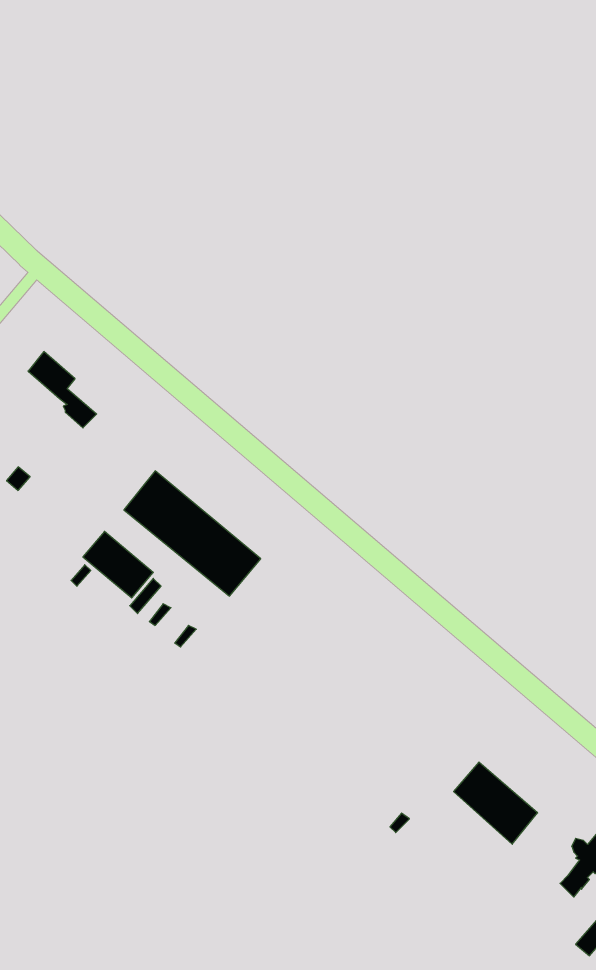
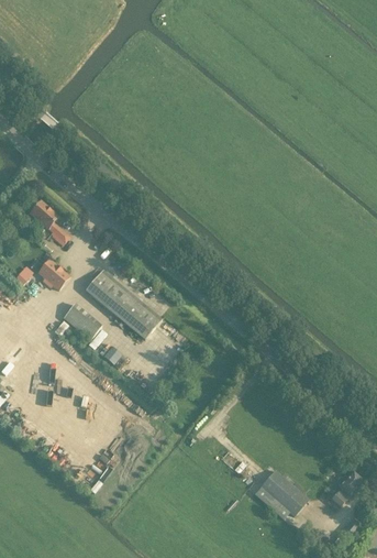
building: none -> [38,260,69,289]
building: [454,762,538,844] -> [260,470,308,516]

